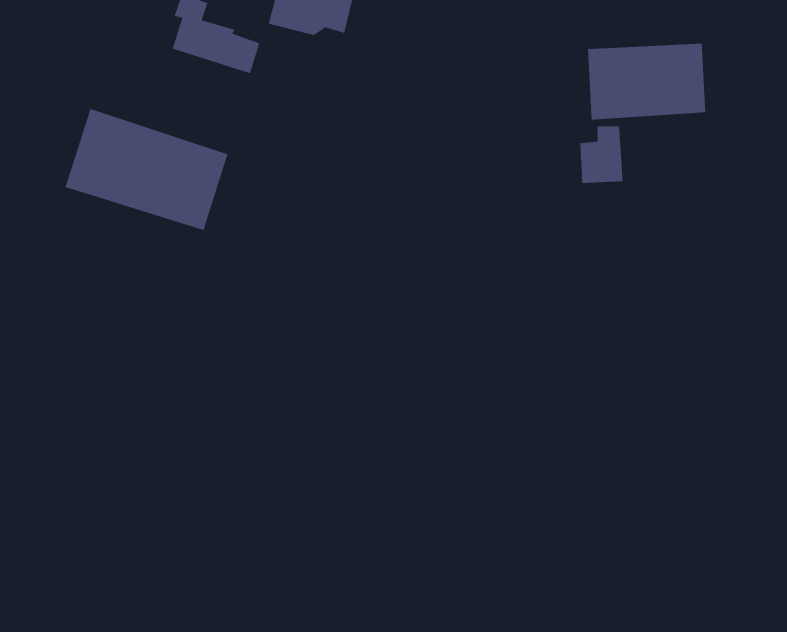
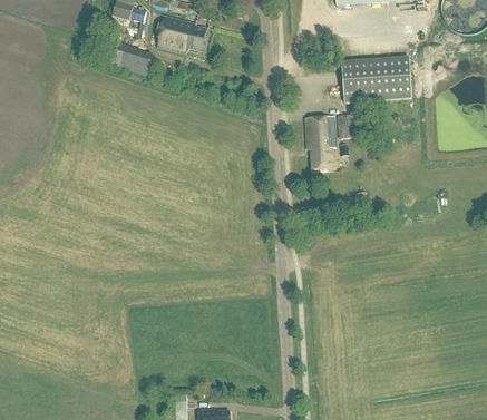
building: [65,108,228,231] -> none
building: none -> [304,115,335,168]

